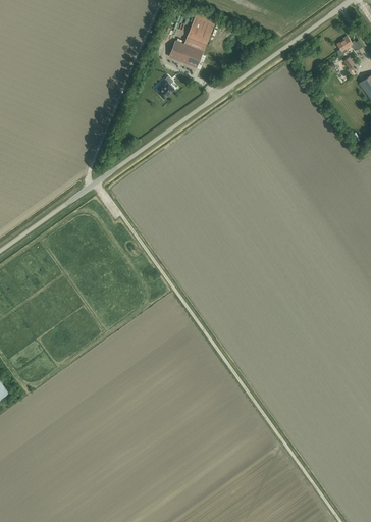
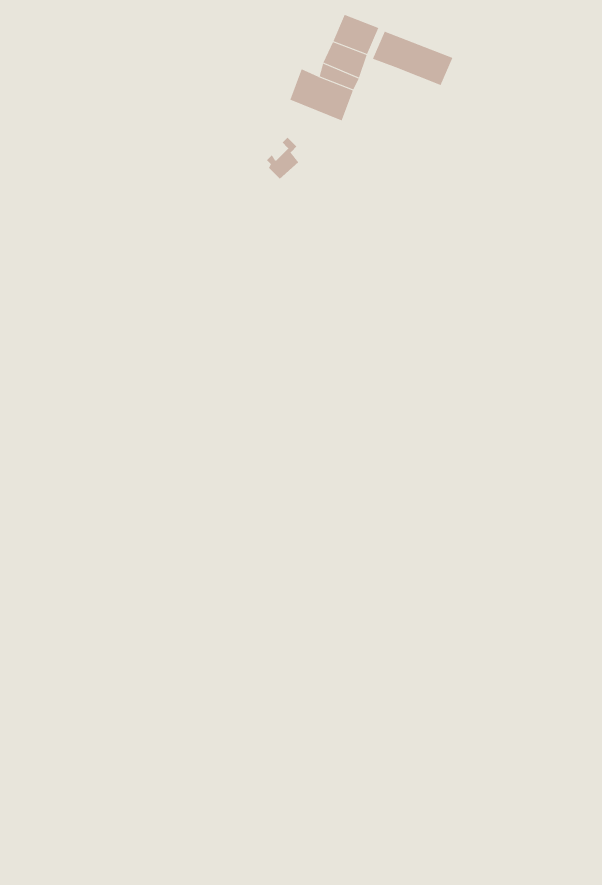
building: none -> [372,31,453,86]

